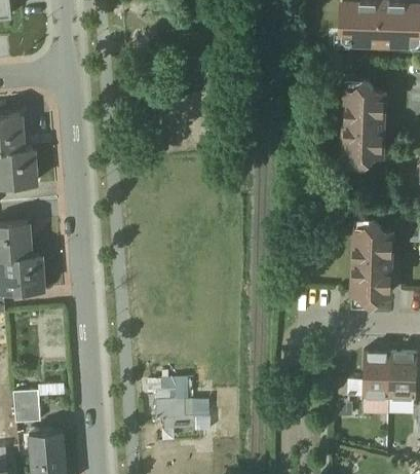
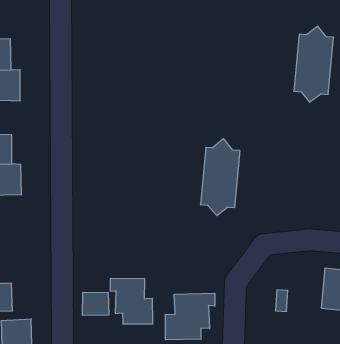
building: [351,220,392,307] -> [200,139,240,216]
building: [362,353,390,399] -> none
building: none -> [165,293,215,340]
building: none -> [82,292,109,315]

